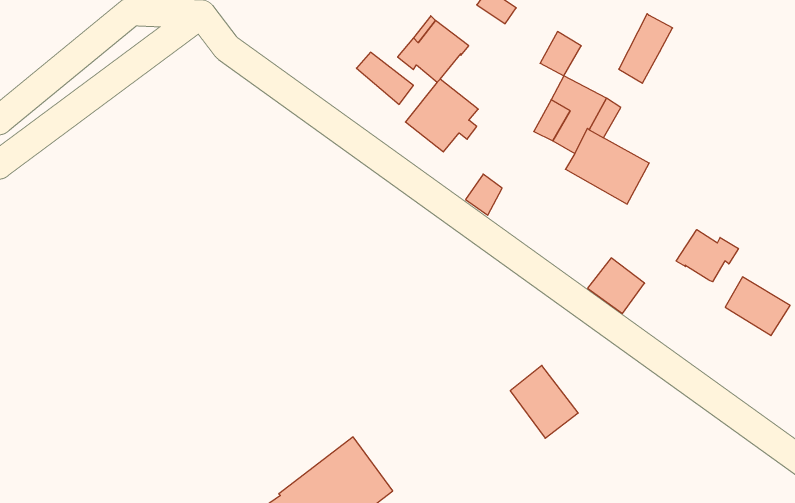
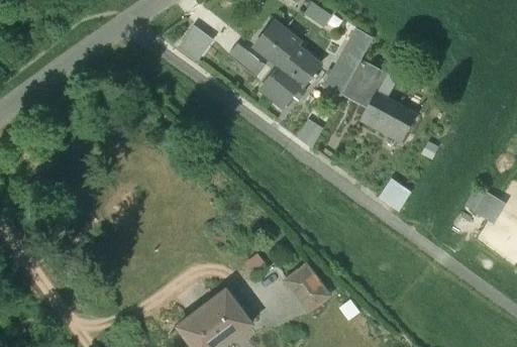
building: [619,14,673,83] -> [326,49,360,94]
building: none -> [180,26,212,59]
building: none -> [282,44,319,80]
building: [676,230,738,282] -> none
building: [510,365,578,438] -> [286,264,329,311]

